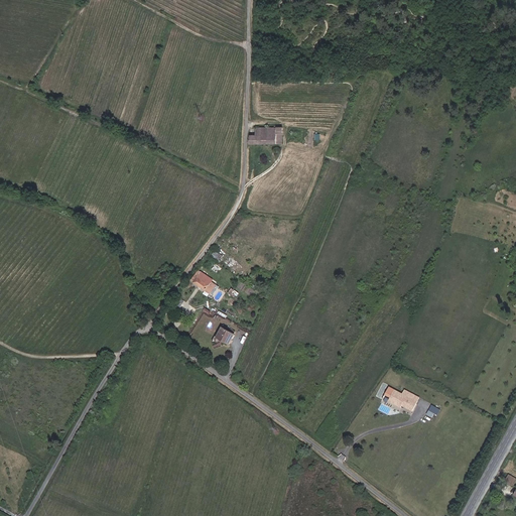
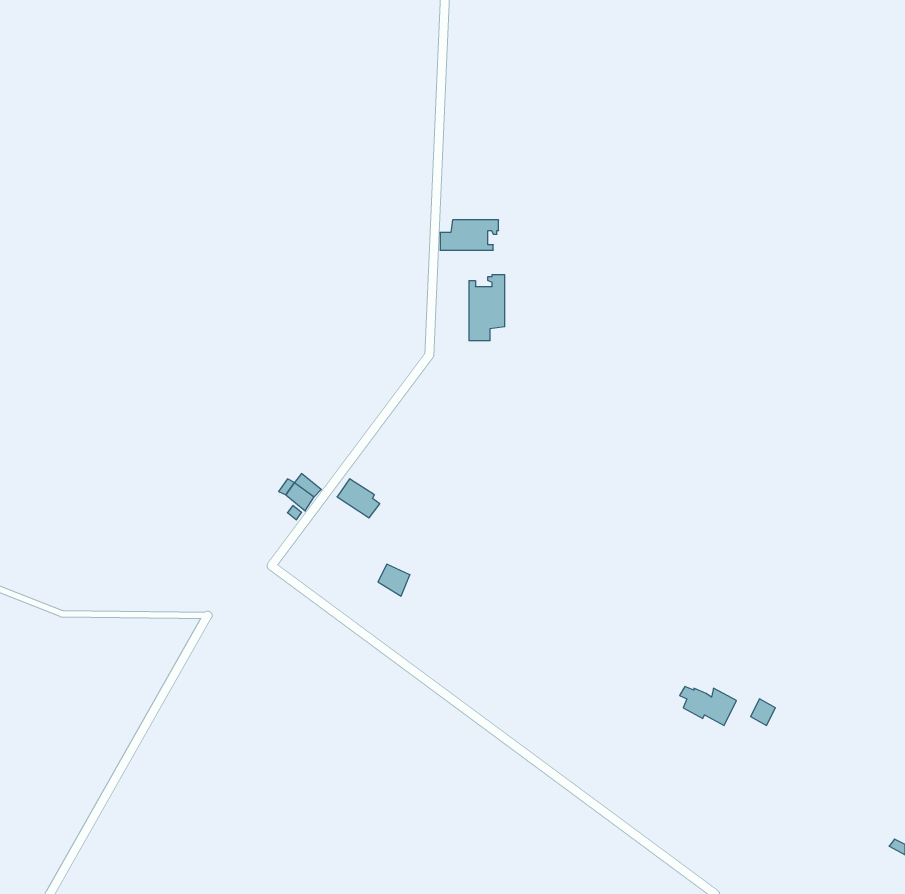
building: none -> [469,275,505,341]

